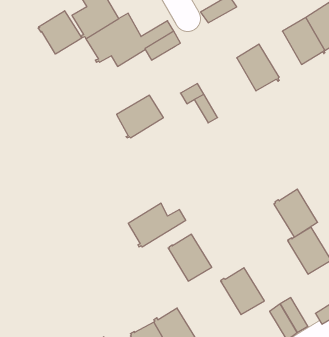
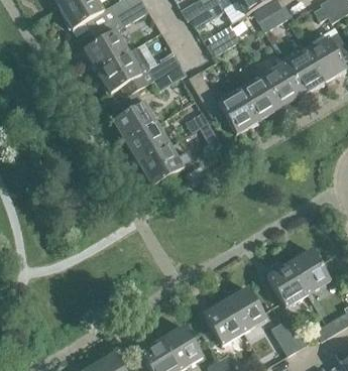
building: [38,11,82,54] -> none
building: none -> [262,64,304,107]
building: none -> [190,71,259,134]
building: none -> [113,92,158,143]
building: [274,189,318,237] -> [267,262,309,307]
building: [128,203,186,247] -> [140,145,195,187]
building: [168,234,212,281] -> [204,300,245,345]

